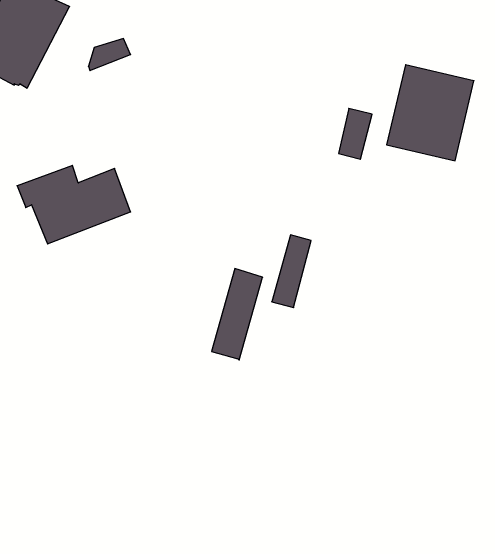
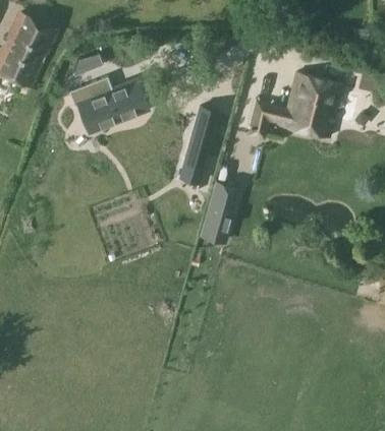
building: [17,165,131,244] -> [67,77,147,132]
building: [212,269,263,360] -> [182,107,218,171]

